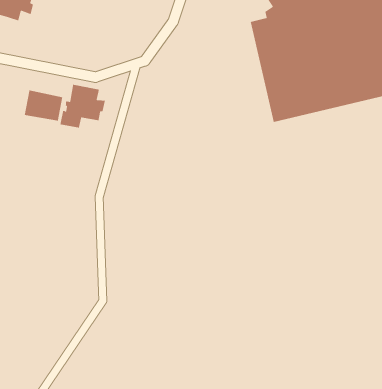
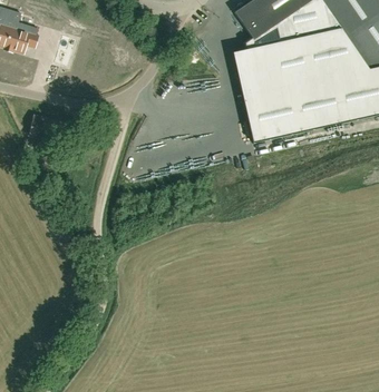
building: [59,84,106,128] -> none

